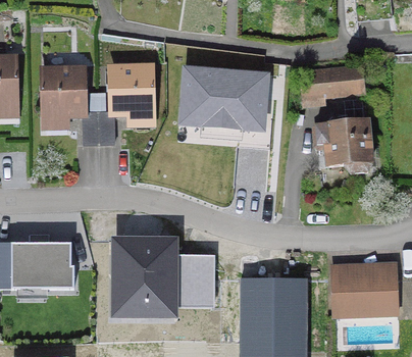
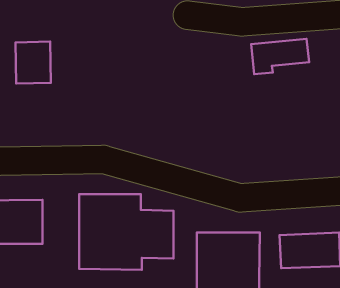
building: [179,65,270,139] -> none
building: [111,68,150,113] -> none
building: [314,121,369,173] -> none

